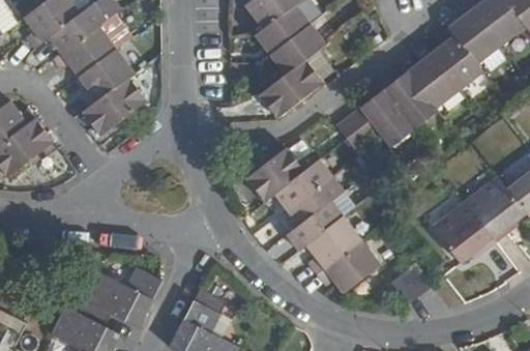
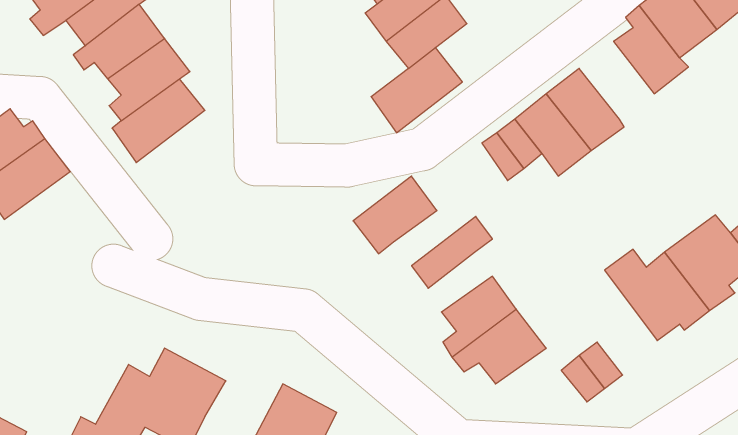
building: [404,46,455,108] -> none
building: [275,159,332,209] -> none
building: [288,200,344,248] -> none

